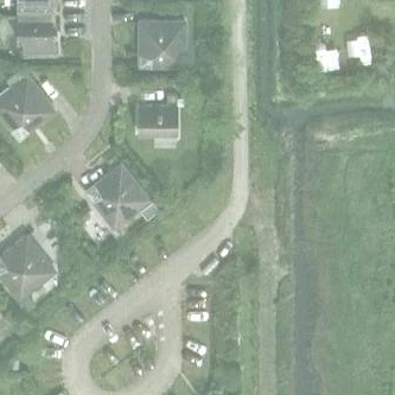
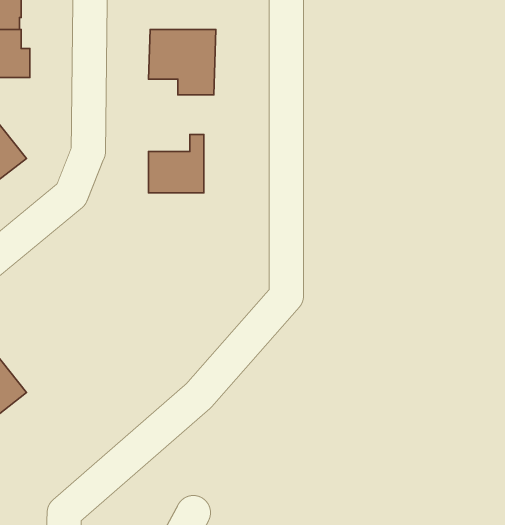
building: [93,164,147,228] -> none

